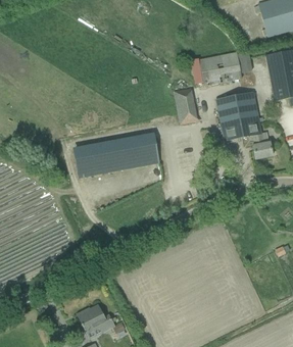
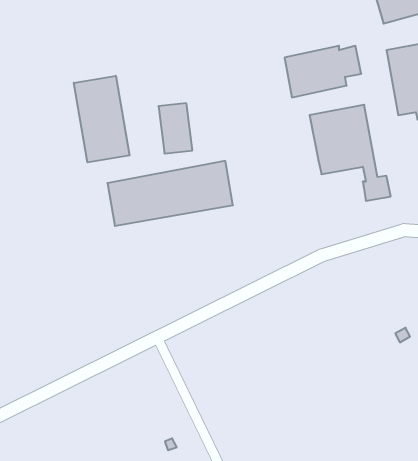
building: none -> [74,76,130,162]
building: [175,88,198,122] -> [158,103,192,153]
building: [78,305,113,332] -> none

